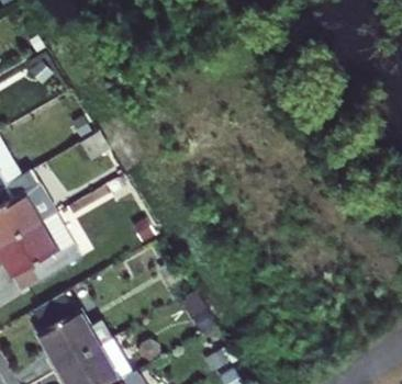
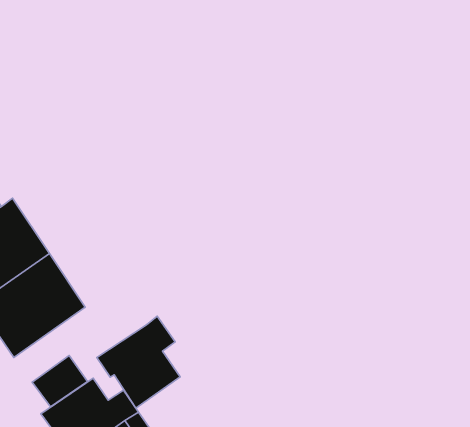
building: none -> [97,316,180,408]

